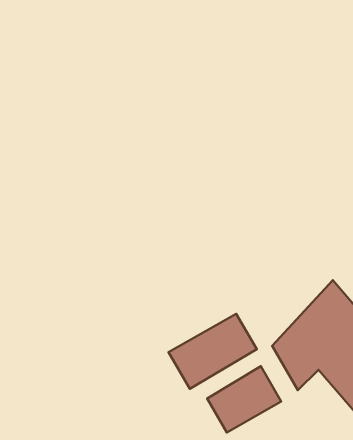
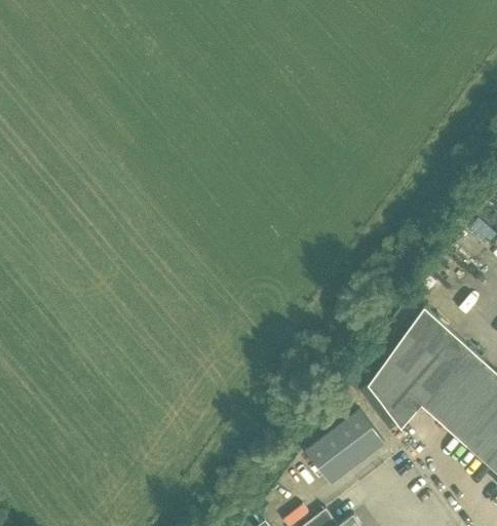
building: [168,314,257,389] -> none

